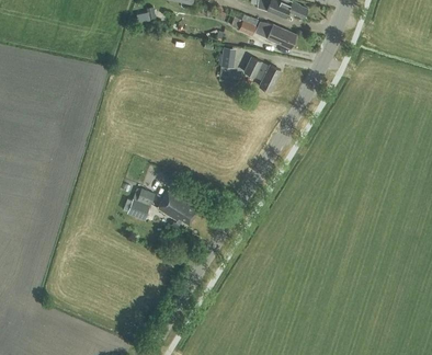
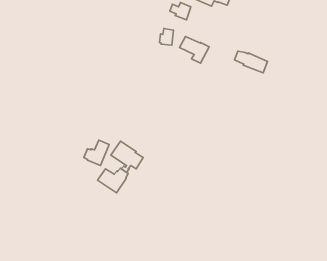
building: [255,22,297,49] -> [234,51,267,73]
building: none -> [98,168,128,193]

